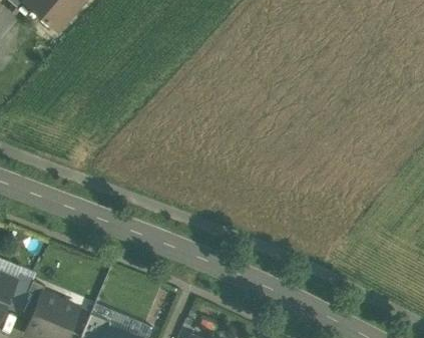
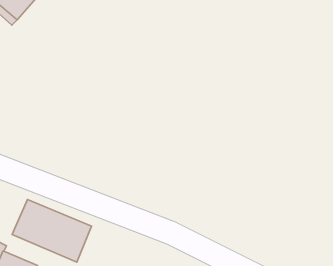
building: none -> [12,200,92,262]

